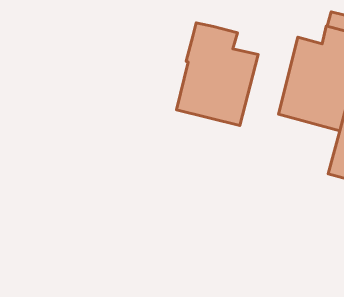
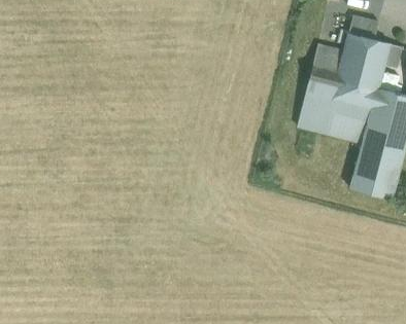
building: [176,23,258,125] -> none

